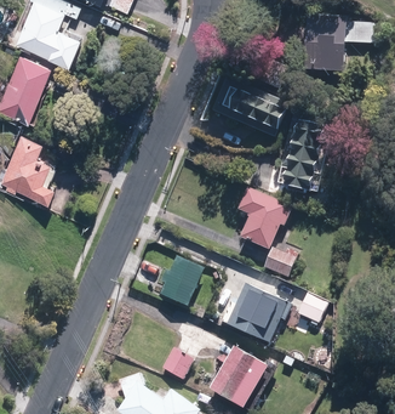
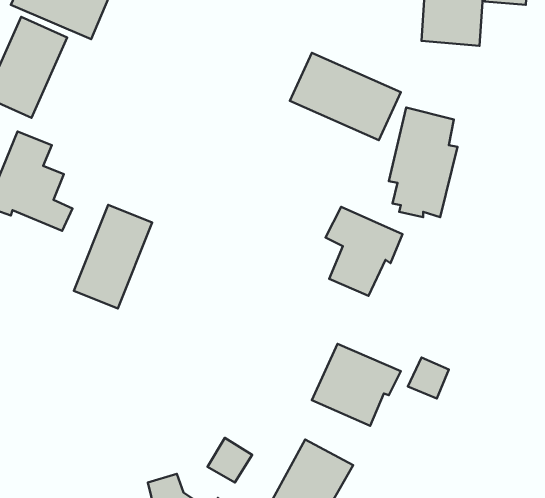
building: none -> [74,205,152,309]
building: [264,248,297,279] -> none
building: [160,256,205,307] -> none

